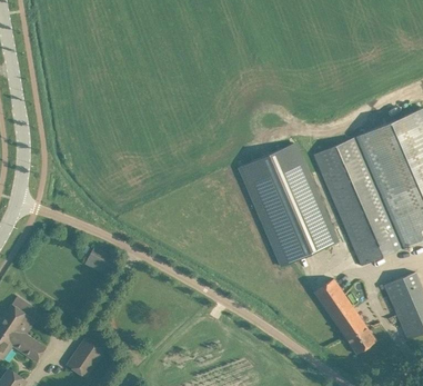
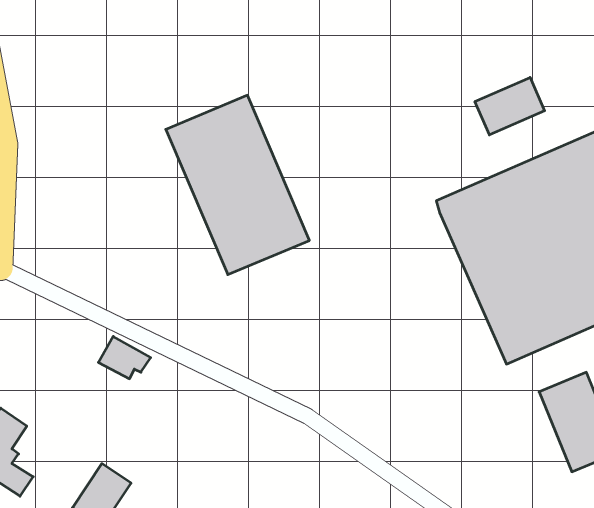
building: none -> [475,77,545,135]
building: [239,143,336,266] -> [166,95,309,275]
building: [313,277,375,354] -> none

